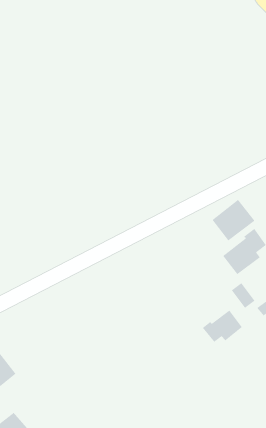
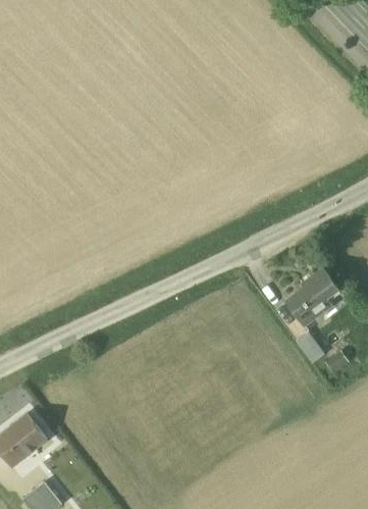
building: [212,199,256,242] -> none
building: [202,309,243,343] -> none

